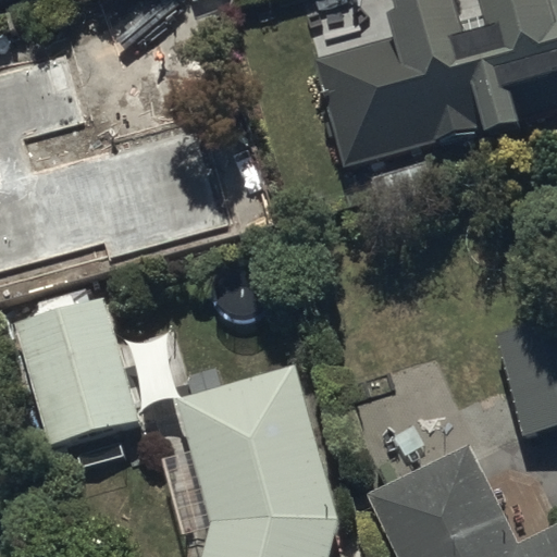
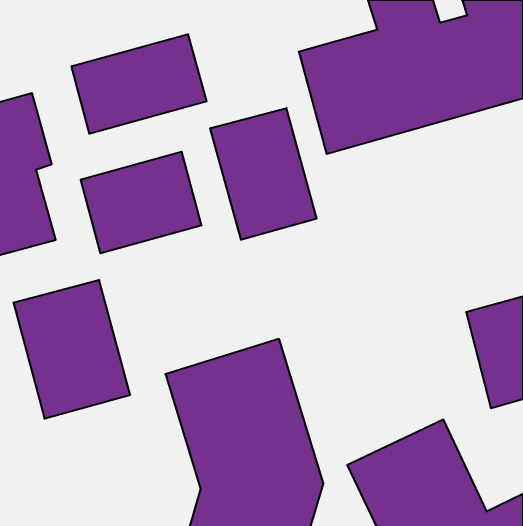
building: none -> [72,34,207,134]
building: none -> [210,108,316,240]

